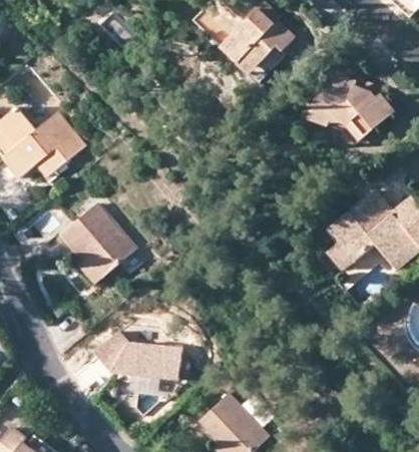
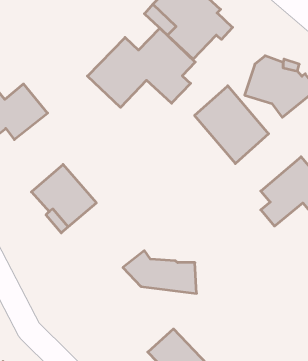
building: none -> [87,28,195,107]
building: none -> [195,86,269,164]
building: [94,332,180,382] -> [123,251,197,293]

